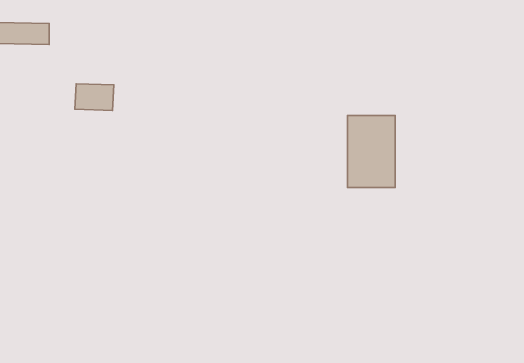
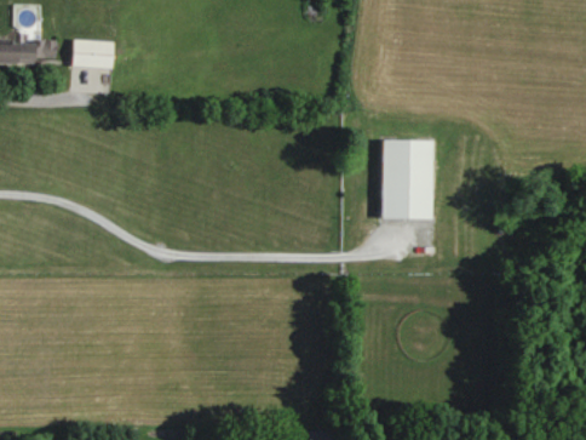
building: [75,84,114,110] -> [71,40,114,69]

